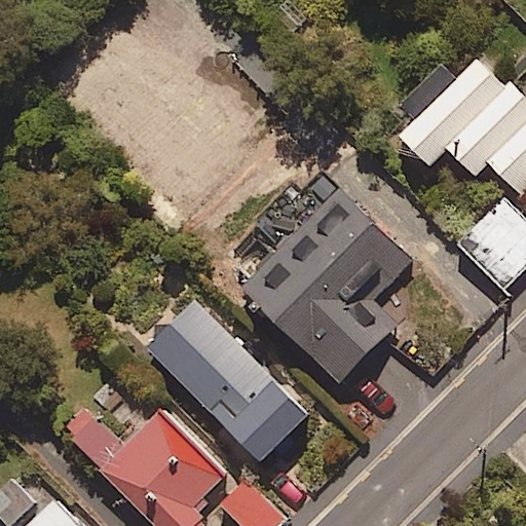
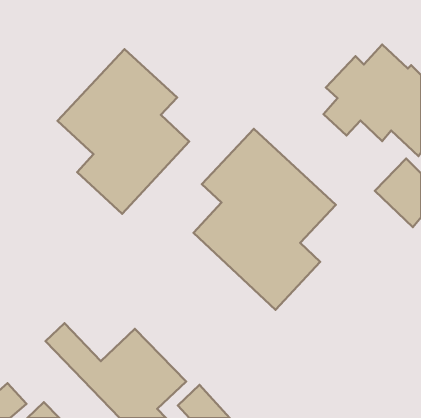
building: none -> [58,49,189,214]
building: [148,301,310,467] -> none

